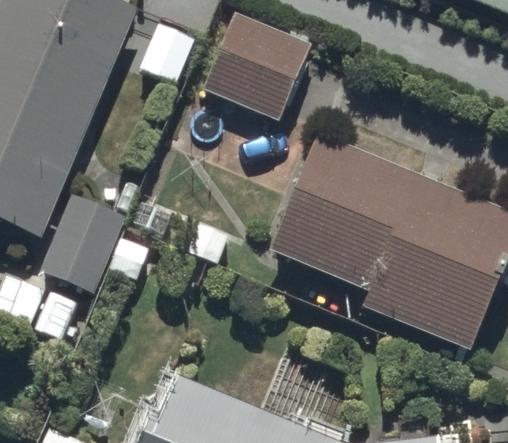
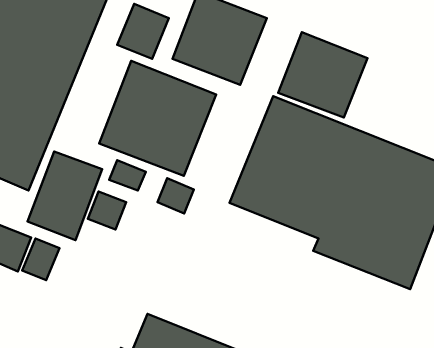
building: none -> [278,32,367,118]
building: none -> [99,61,216,176]

